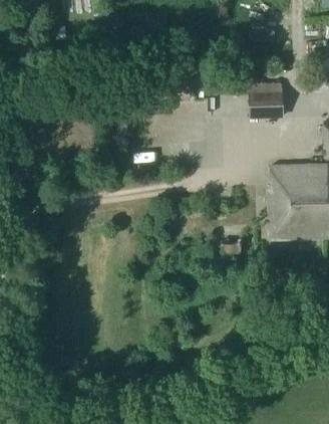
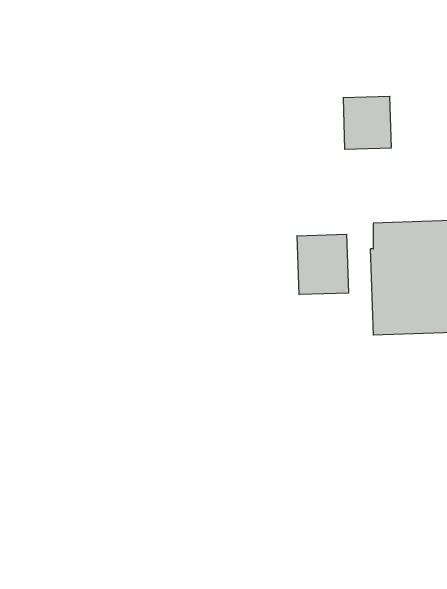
building: none -> [297,234,348,295]

